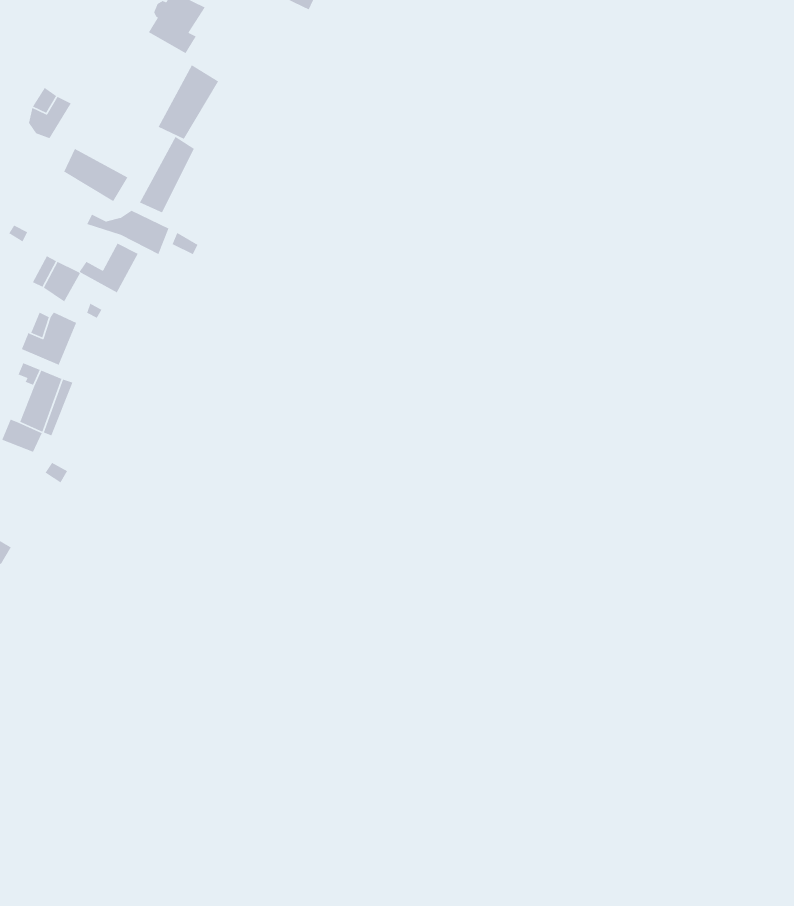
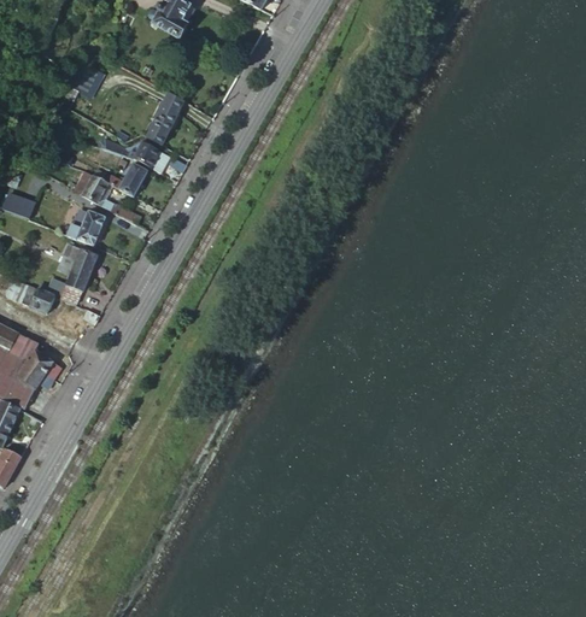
building: [157,64,219,140] -> none
building: [63,148,129,202] -> none

